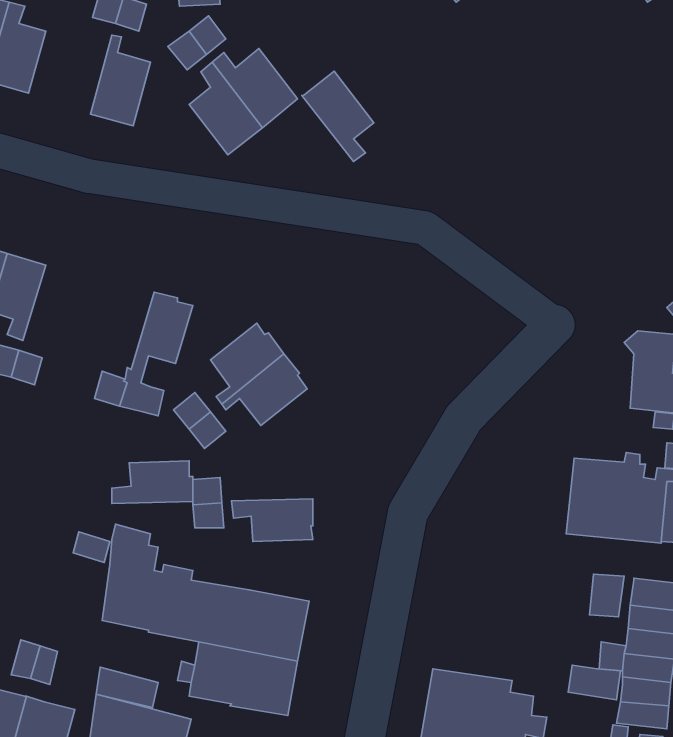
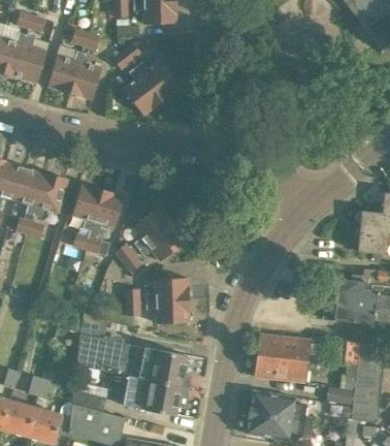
building: none -> [47,51,82,95]
building: [302,71,374,161] -> none
building: none -> [34,173,67,218]
building: none -> [73,185,104,231]
building: [112,461,193,504] -> [145,279,189,301]
building: none -> [255,333,323,382]

